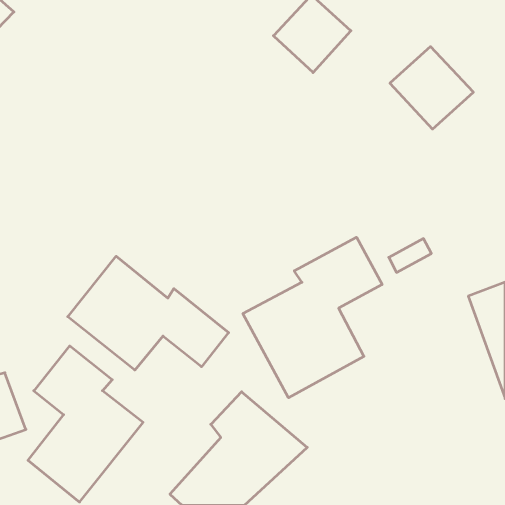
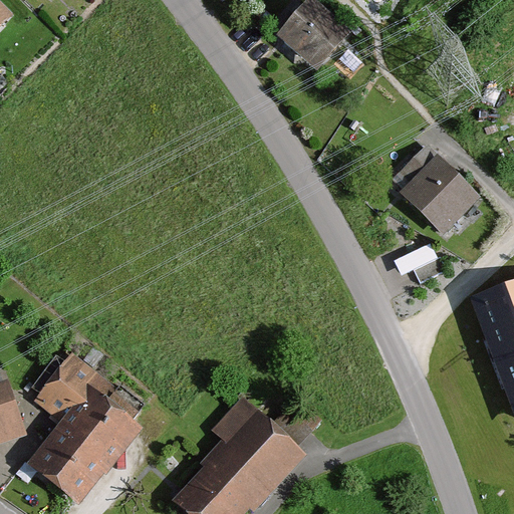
building: [390,47,473,129] -> [396,151,480,234]
building: [243,237,382,398] -> none
building: [68,256,229,370] -> none

